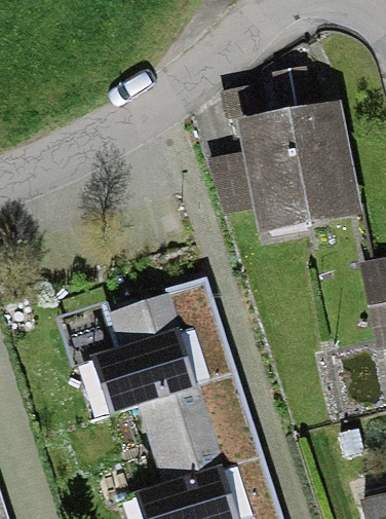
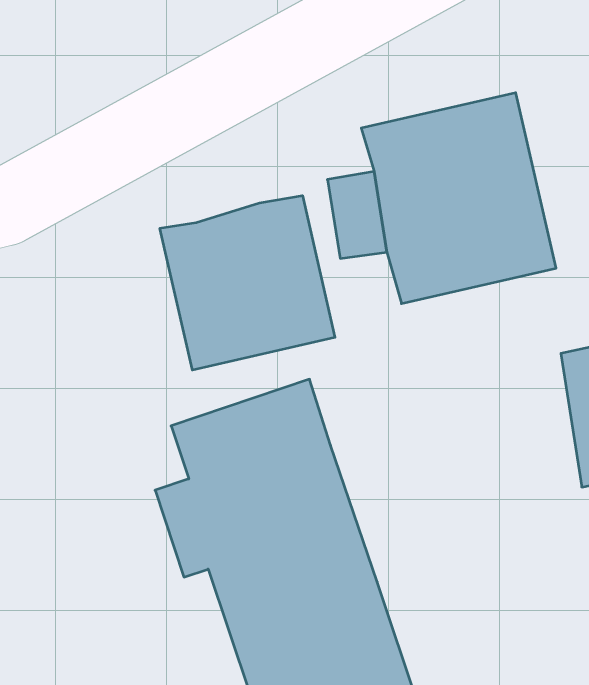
building: none -> [160,196,335,370]

